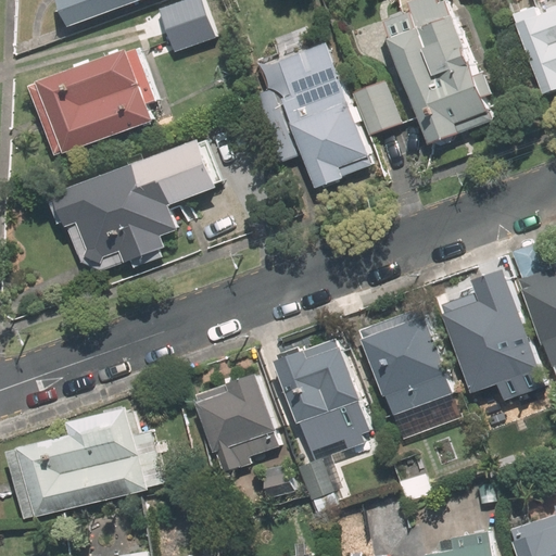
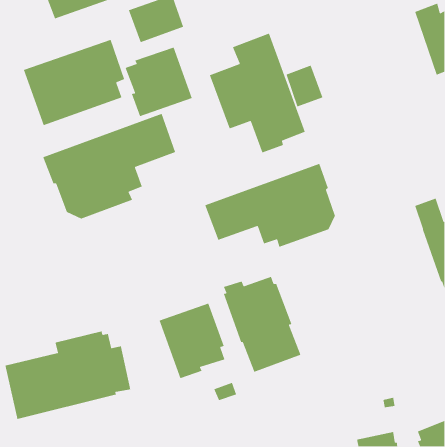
building: [381,4,484,144] -> none
building: none -> [125,46,193,117]
building: none -> [204,163,336,248]
building: [440,273,542,415] -> none
building: [361,307,460,437] -> none

